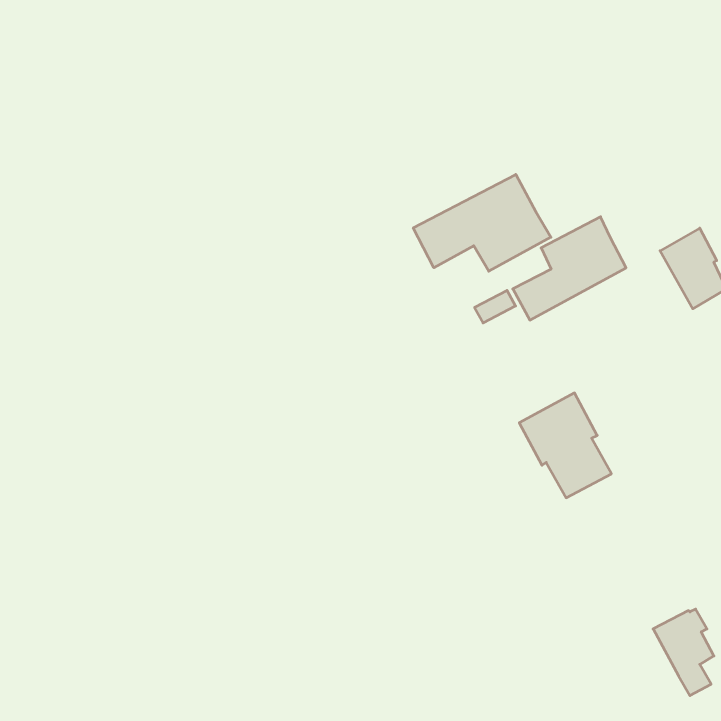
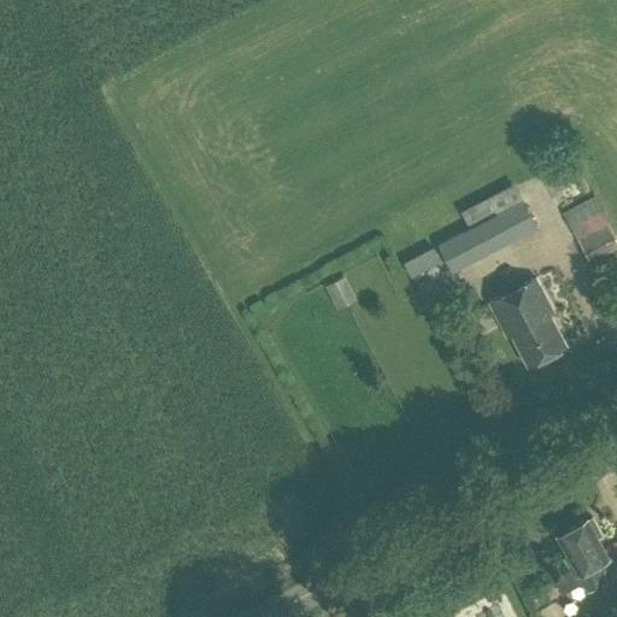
building: [413,174,551,271] -> none
building: [519,393,611,498] -> [489,280,568,369]

